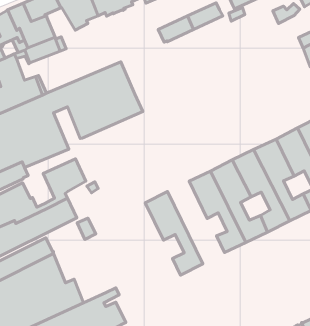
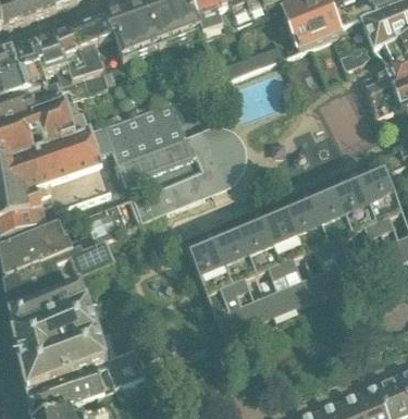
building: none -> [134,126,244,218]
building: none -> [218,231,275,321]

